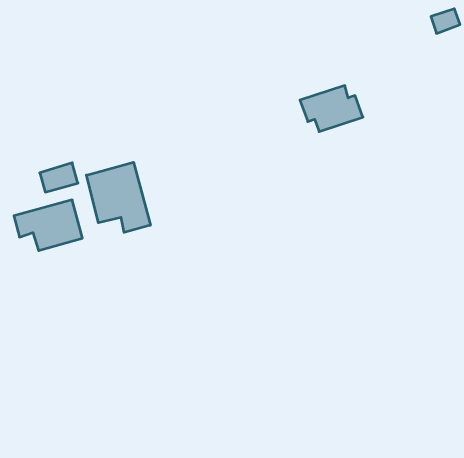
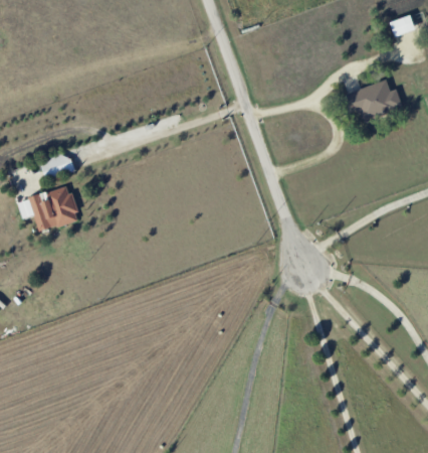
building: [300,86,363,132] -> [347,79,403,120]
building: [86,162,150,232] -> none

